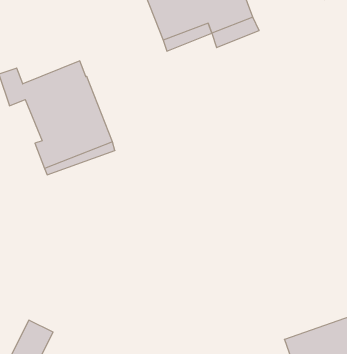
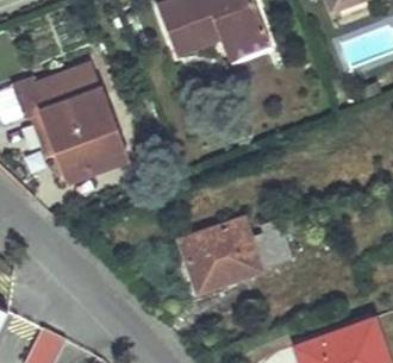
building: none -> [177,214,293,290]

